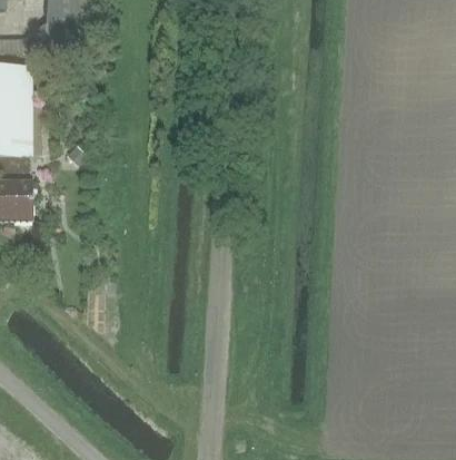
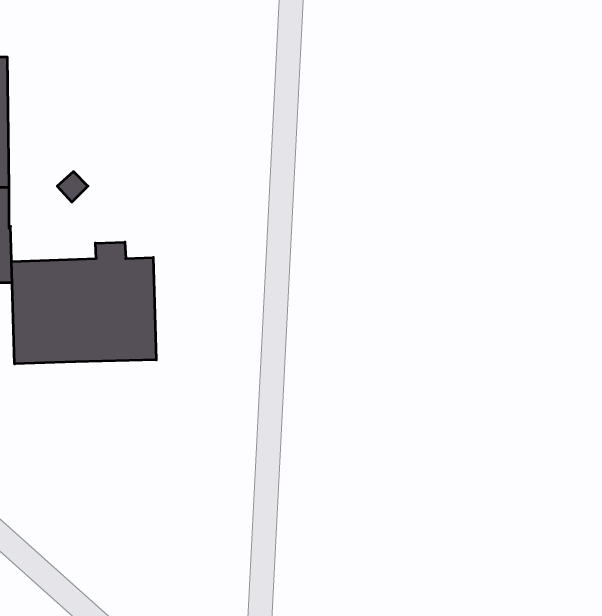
building: none -> [12,242,156,364]

